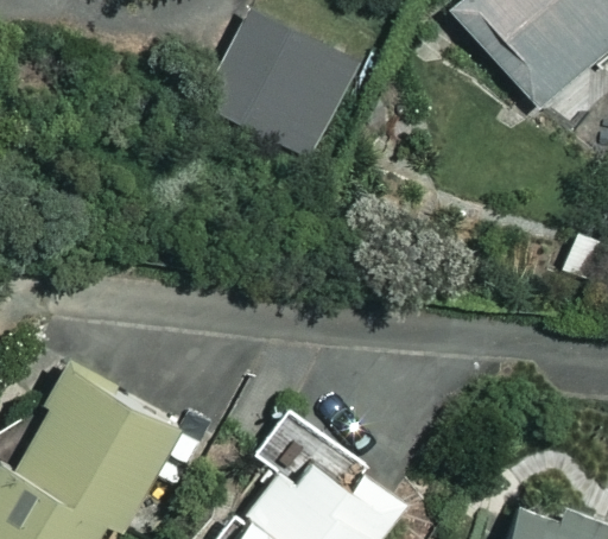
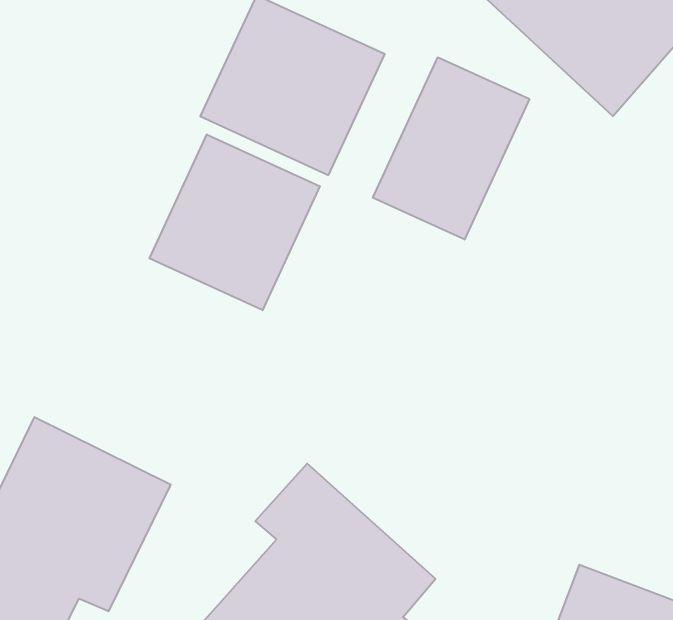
building: none -> [373,57,529,240]
building: none -> [150,134,320,310]

